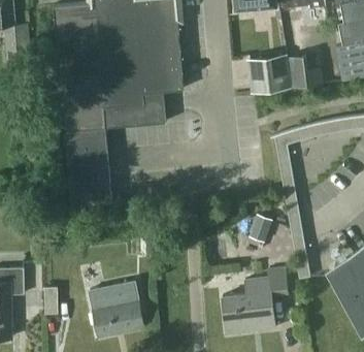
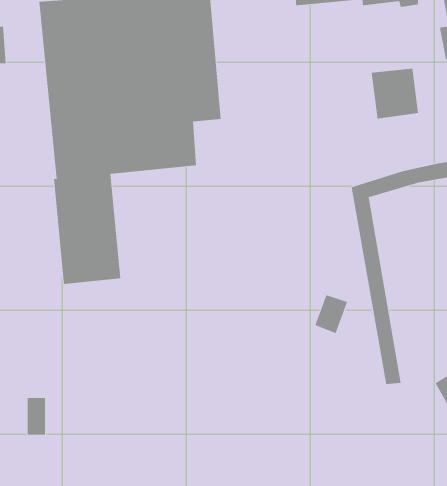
building: [245,54,291,94] -> none
building: [222,267,288,334] -> none
building: [88,279,142,338] -> none

